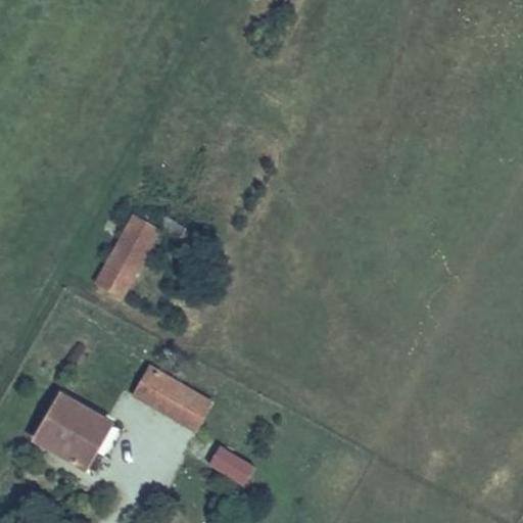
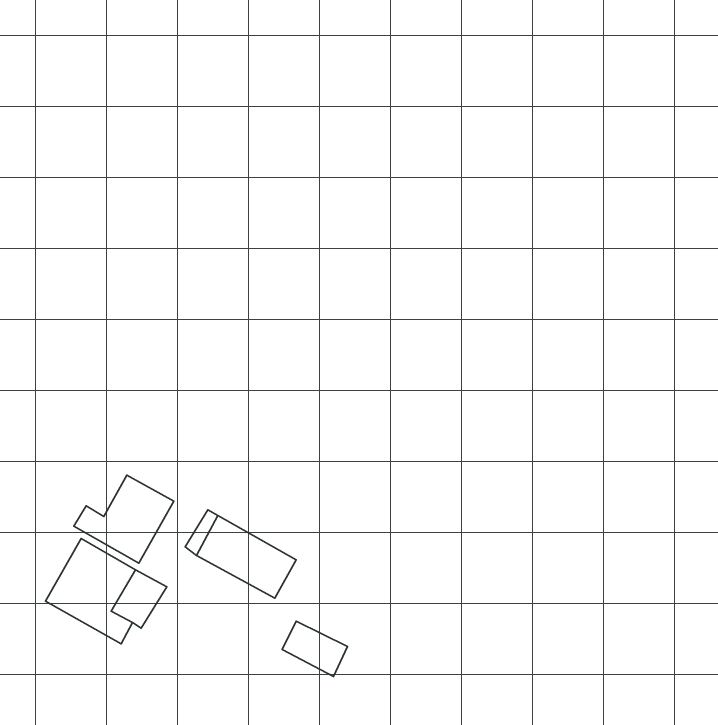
building: [95,213,160,296] -> none
building: none -> [74,475,174,563]

